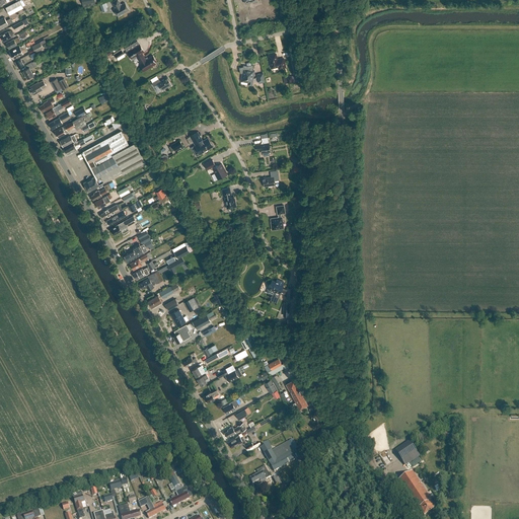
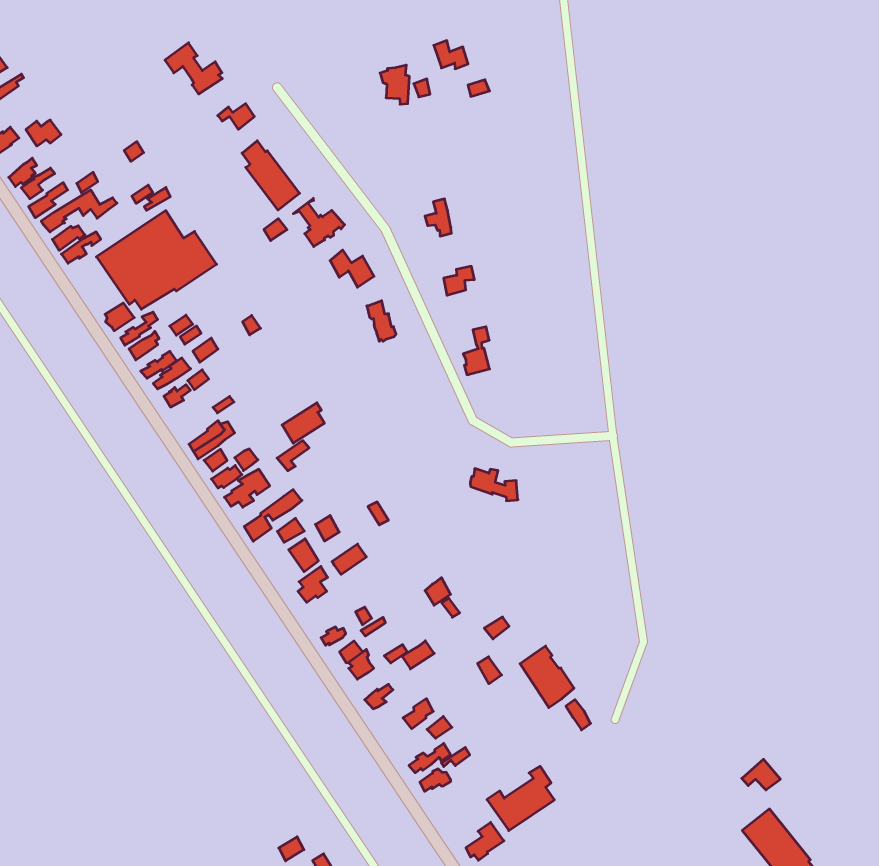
building: none -> [242,141,300,210]

